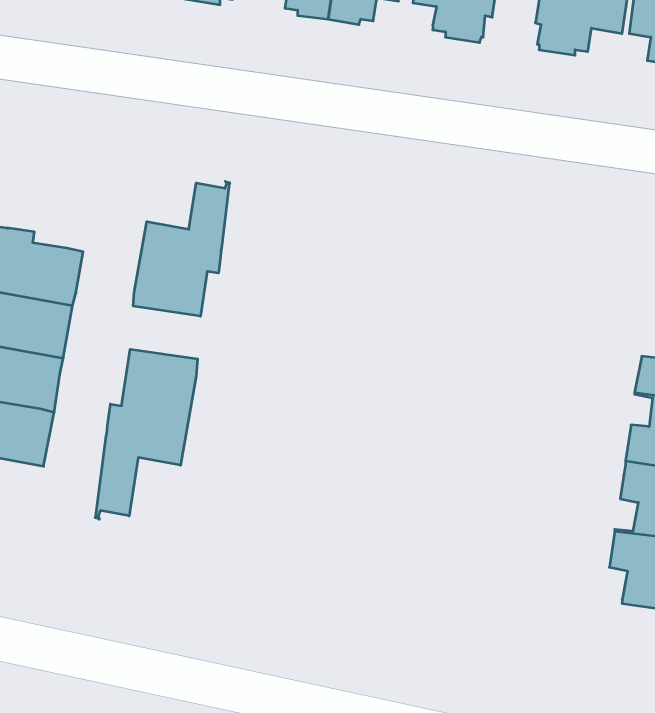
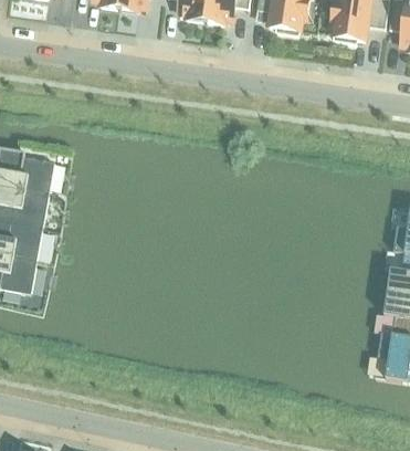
building: [133,181,230,316] -> none
building: [95,349,198,519] -> none

